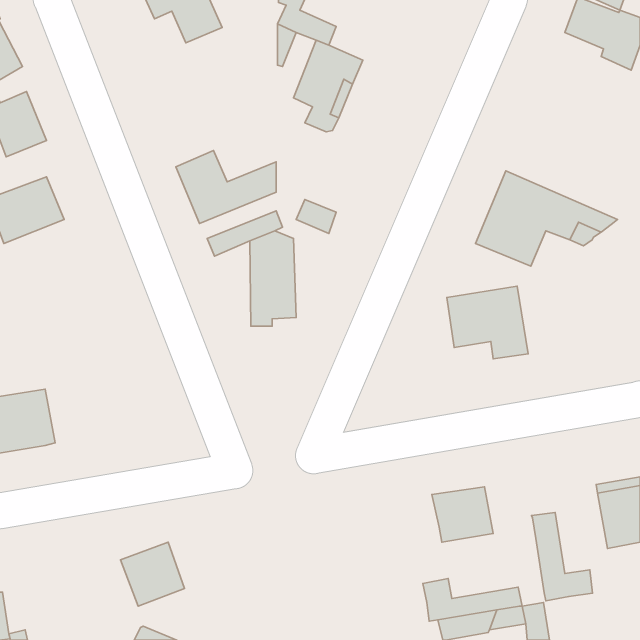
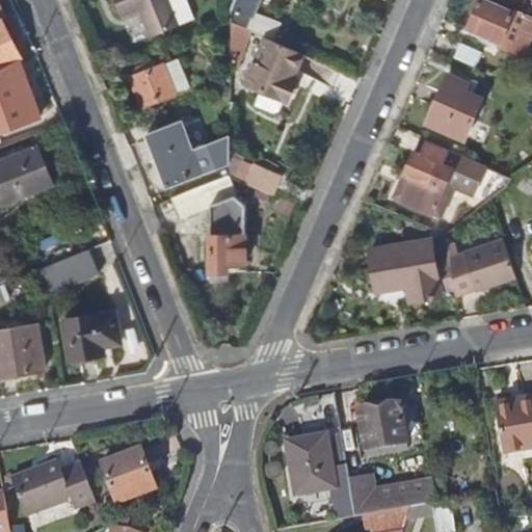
building: none -> [133,58,190,104]
building: none -> [426,76,486,139]
building: none -> [448,236,514,292]
building: none -> [41,248,98,294]
building: none -> [64,310,122,357]
building: [532,512,592,601] -> none
building: none -> [286,432,336,494]
building: none -> [9,457,92,514]

